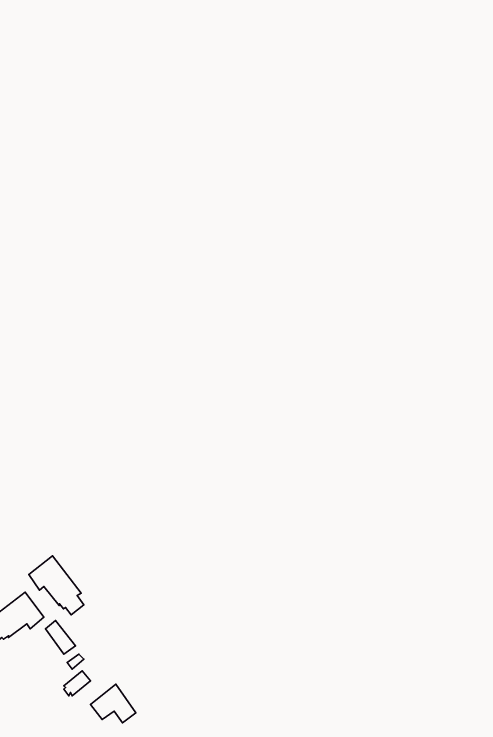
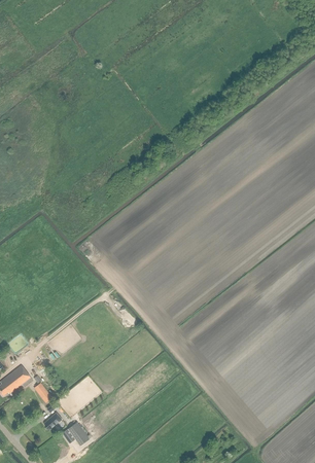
building: [29,556,84,615] -> none

